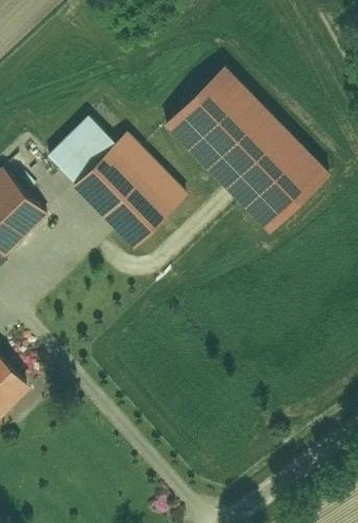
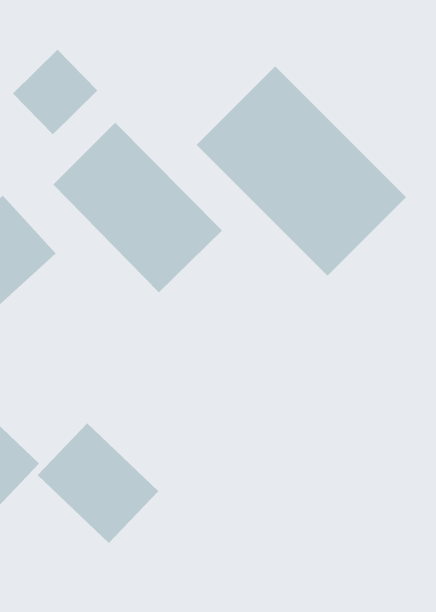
building: none -> [12,49,98,135]
building: none -> [37,423,159,544]

